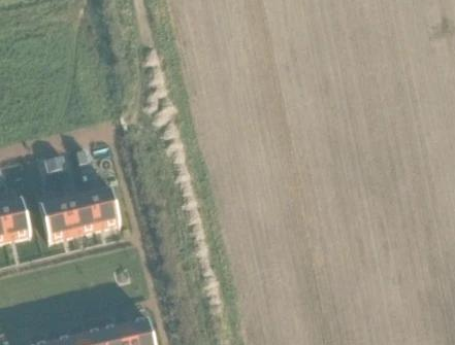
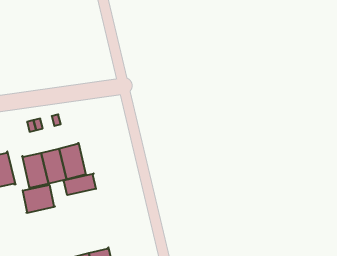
building: none -> [63,173,96,195]
building: none -> [23,185,55,213]

